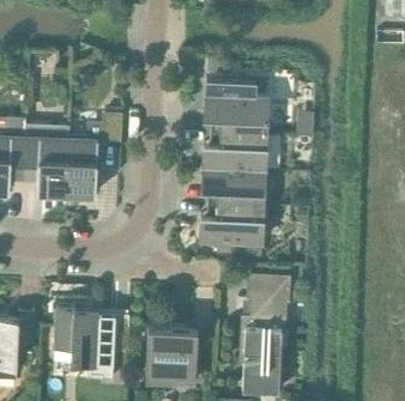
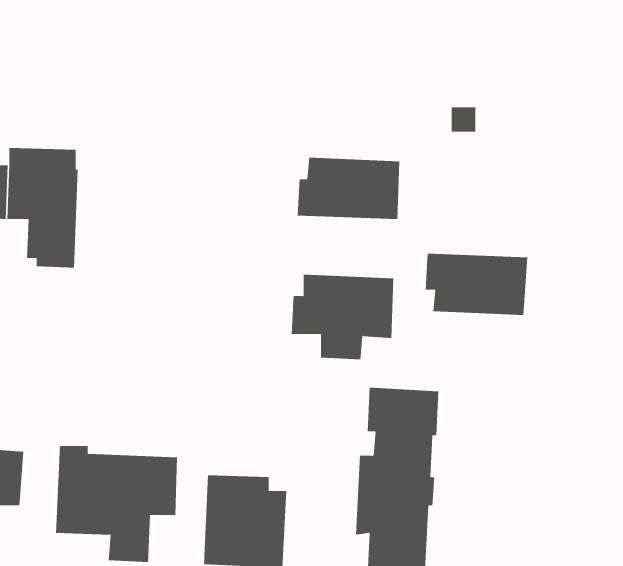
building: [205,79,267,133] -> none
building: [66,113,122,200] -> none
building: [201,166,265,205] -> [425,253,528,316]

